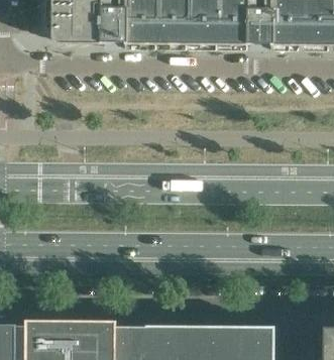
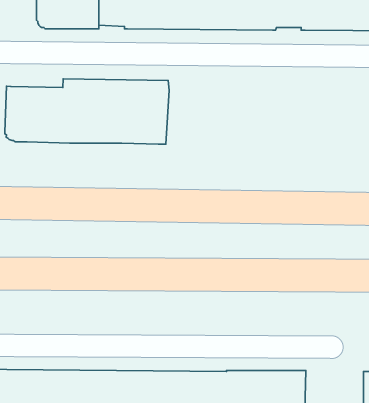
building: none -> [5,79,169,144]

